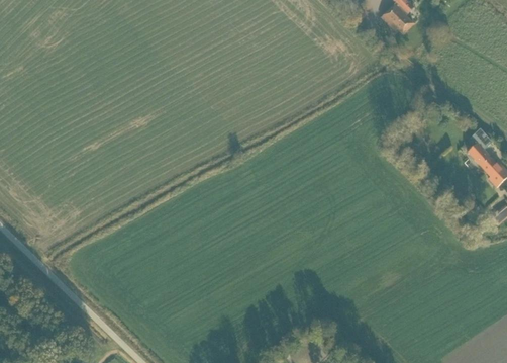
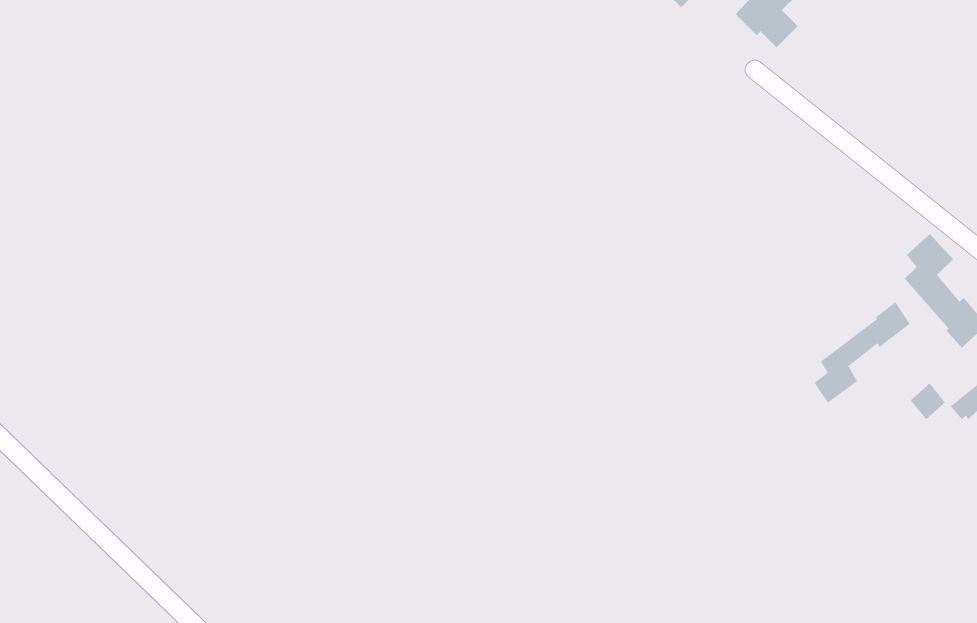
building: none -> [814,302,910,403]

